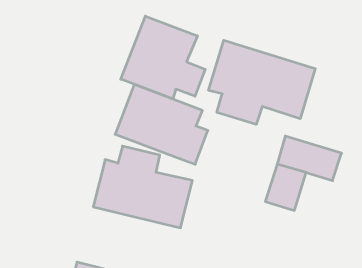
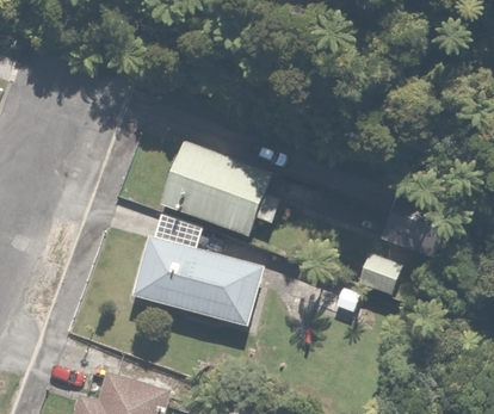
building: [121,16,205,99] -> none
building: [209,40,315,124] -> none

